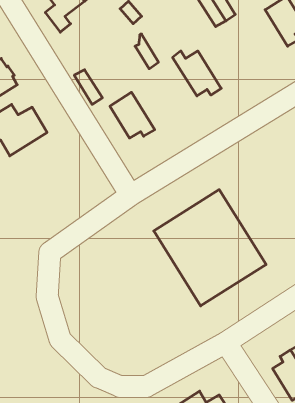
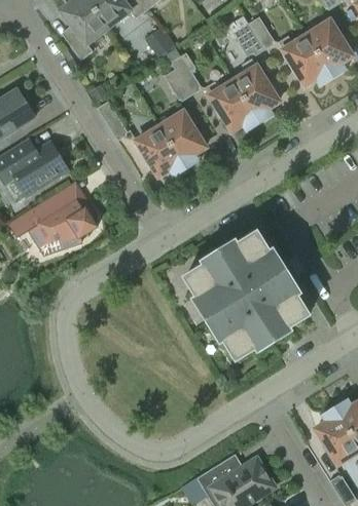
building: none -> [278,35,331,84]
building: none -> [167,47,201,92]
building: none -> [232,57,278,121]
building: none -> [159,111,205,166]
building: none -> [20,193,97,254]

